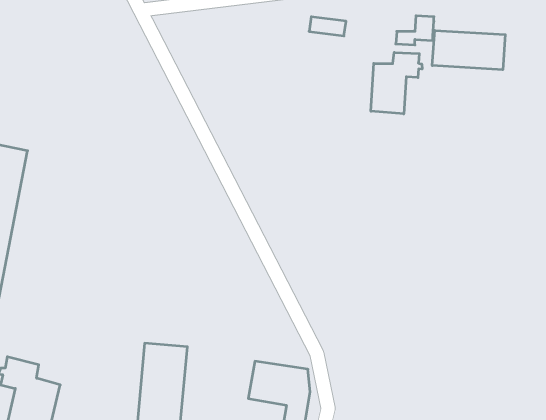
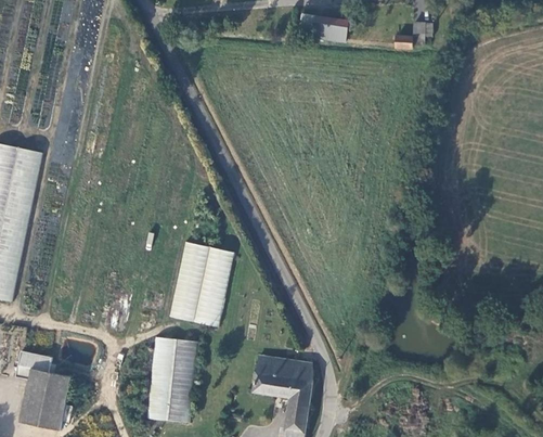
building: [432,30,505,70] -> none
building: [371,52,422,114] -> none
building: none -> [168,242,233,327]

